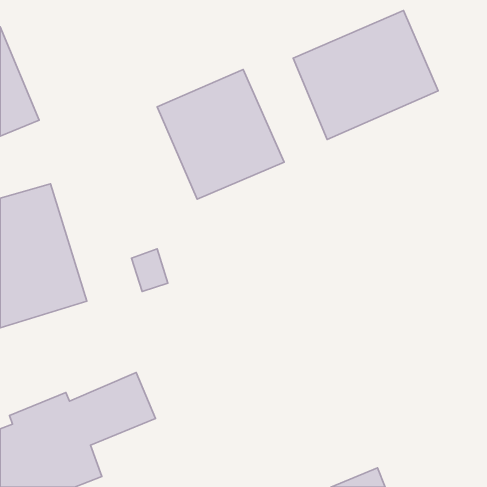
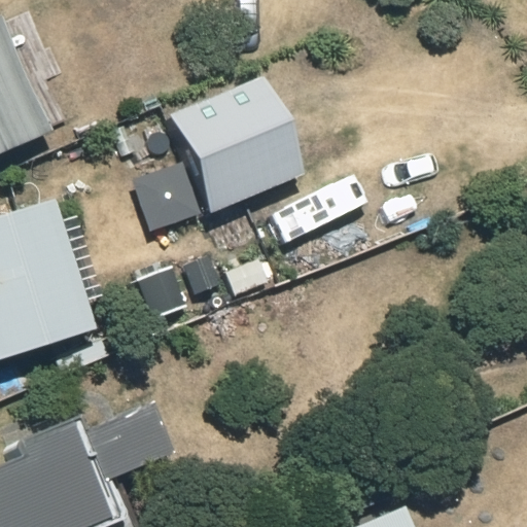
building: [293,11,438,139] -> none

